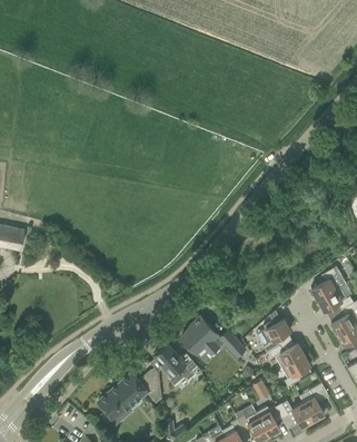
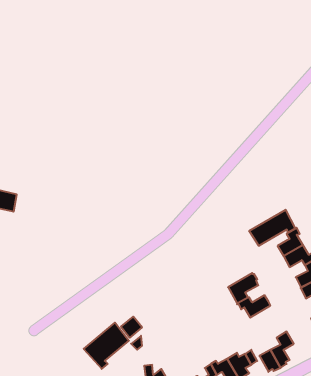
building: none -> [249,210,295,246]
building: [181,316,246,357] -> none
building: [155,344,198,385] -> none
building: [281,354,310,386] -> none

